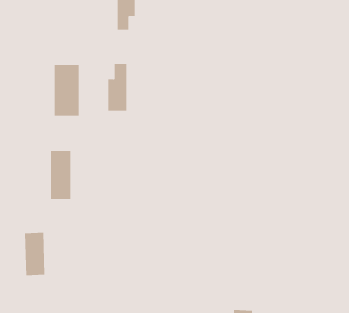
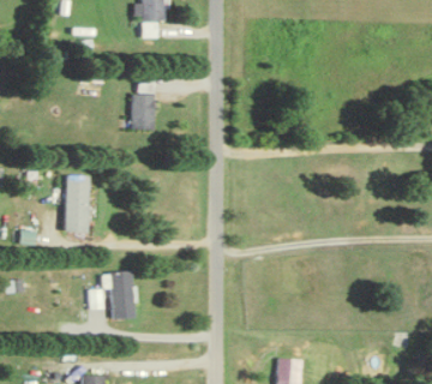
building: [54,64,79,117] -> none
building: [24,232,45,276] -> [110,271,134,322]

